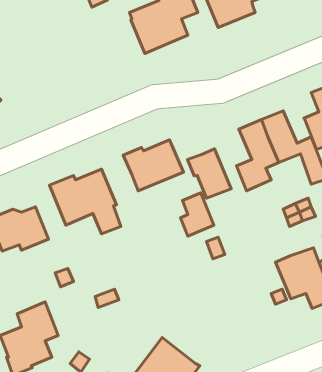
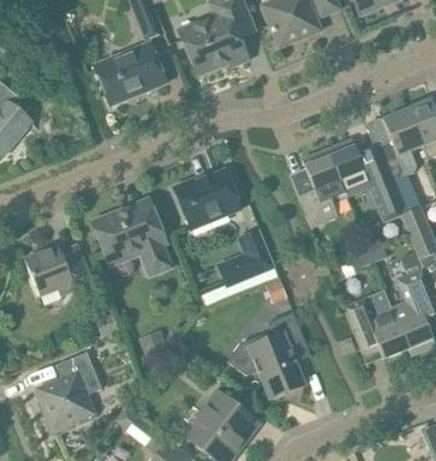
building: none -> [94,42,163,104]
building: [188,149,231,198] -> none
building: none -> [227,311,311,399]

